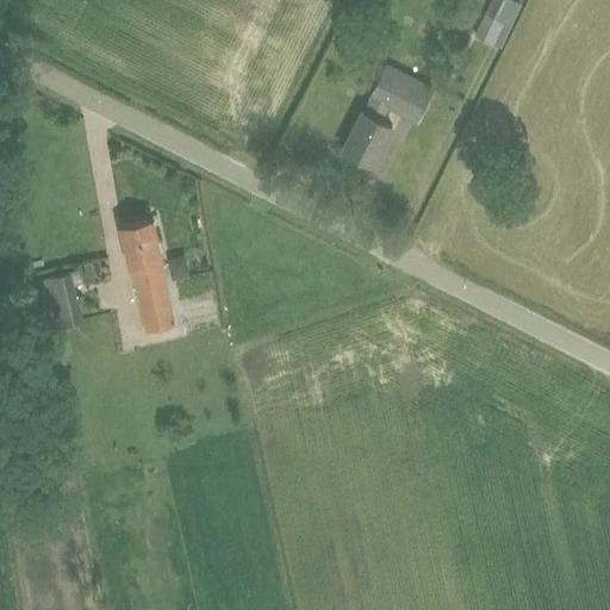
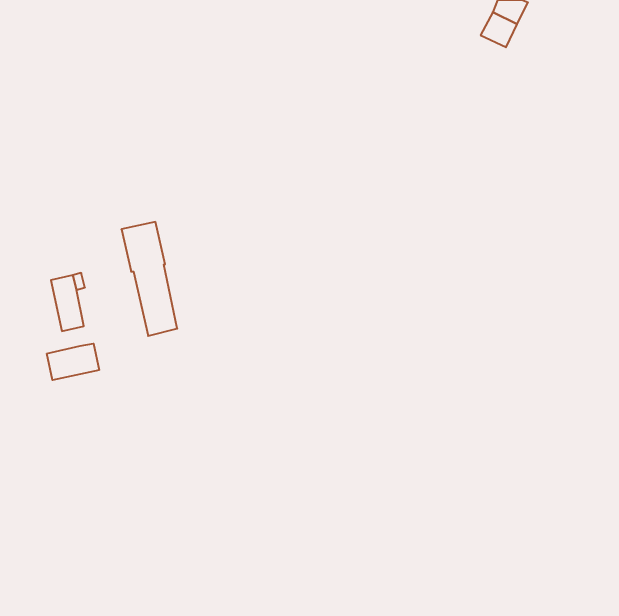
building: [343,68,431,167] -> none
building: none -> [47,344,99,380]

